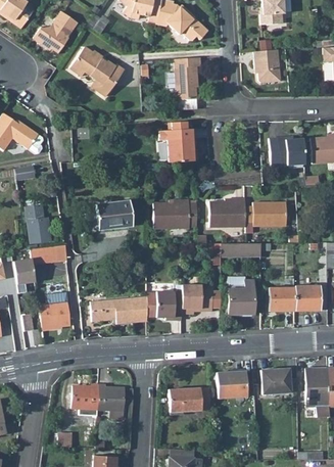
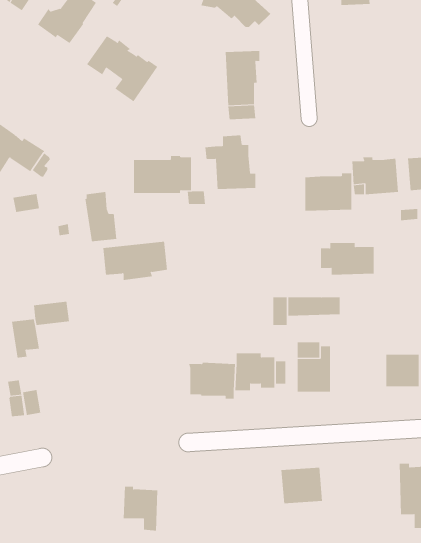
building: [253,50,281,83] -> none
building: [209,199,245,228] -> [304,173,352,211]
building: [153,200,197,229] -> [133,155,192,193]
building: [26,205,50,243] -> [85,192,117,242]
building: [269,287,294,311] -> none
building: [90,296,147,324] -> none
building: [38,301,69,331] -> none
building: [260,369,297,394] -> none
building: [71,385,98,410] -> none
building: [168,387,210,412] -> none

